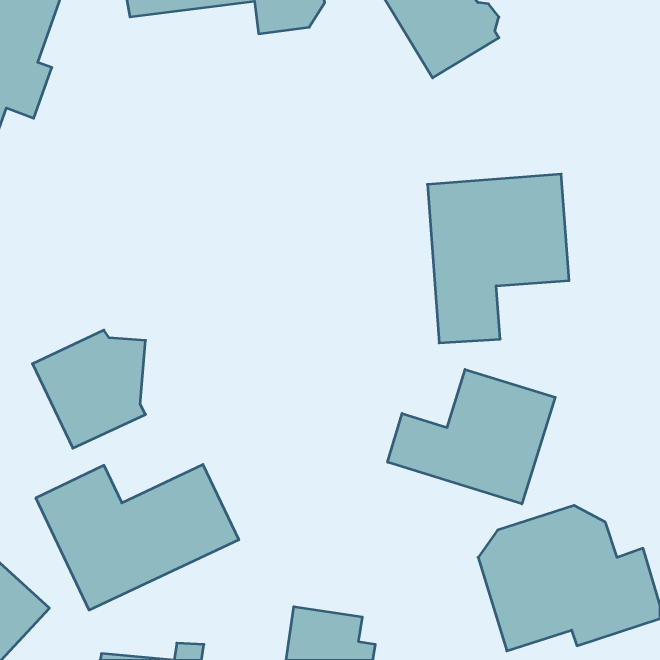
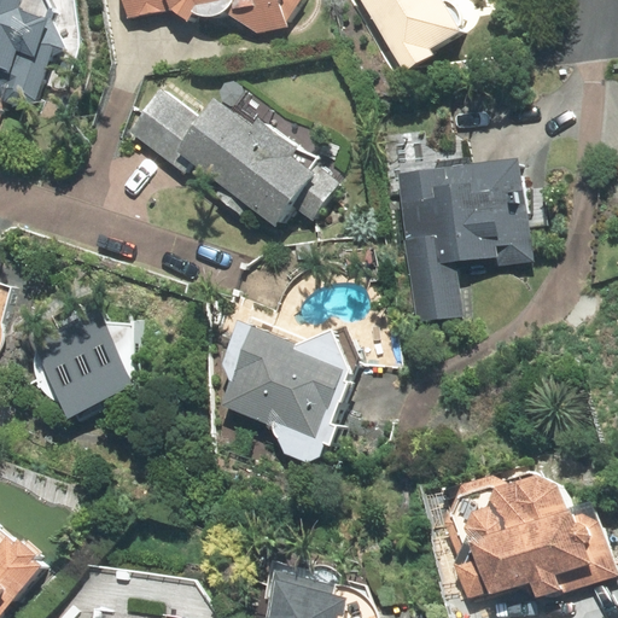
building: none -> [130,87,340,228]
building: none -> [222,325,357,464]
building: [388,369,555,504] -> none
building: [36,464,239,610] -> none

